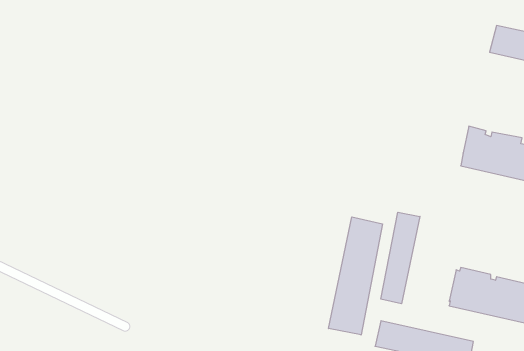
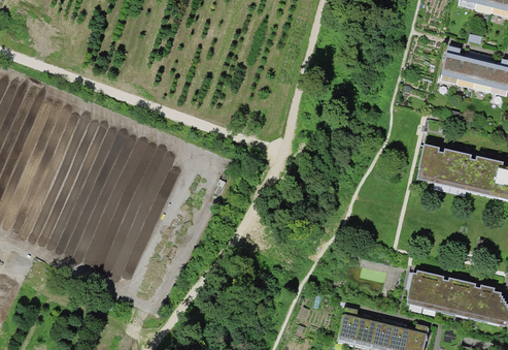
building: [381,212,420,304] -> none
building: [329,217,382,335] -> none

